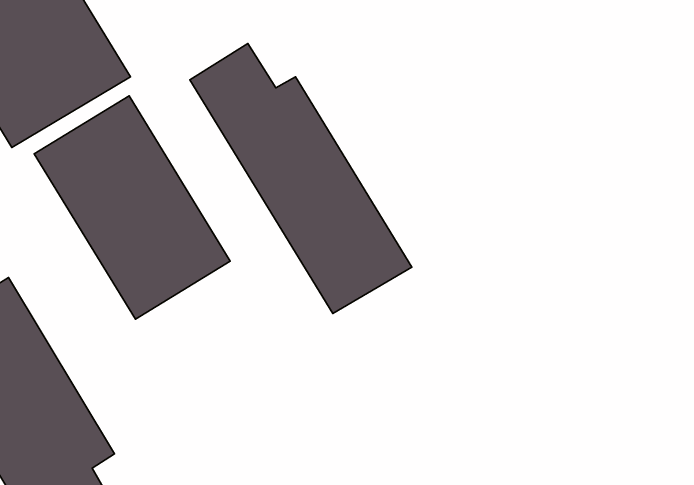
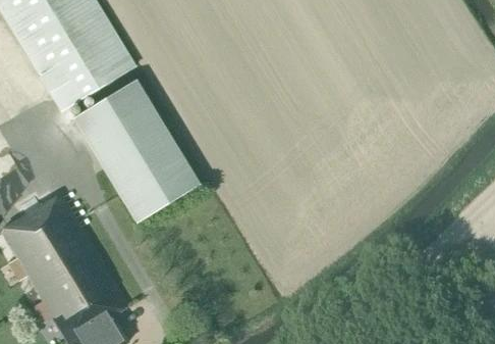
building: [190,44,412,314] -> none

